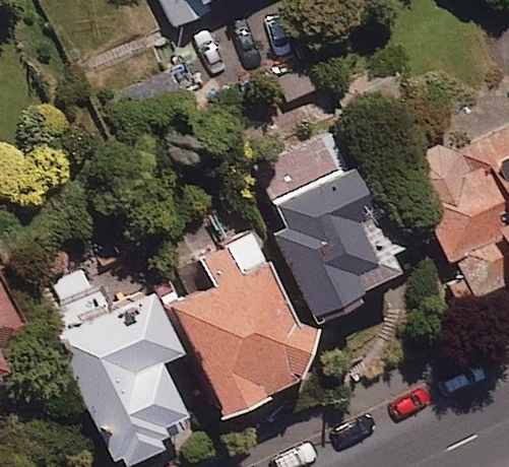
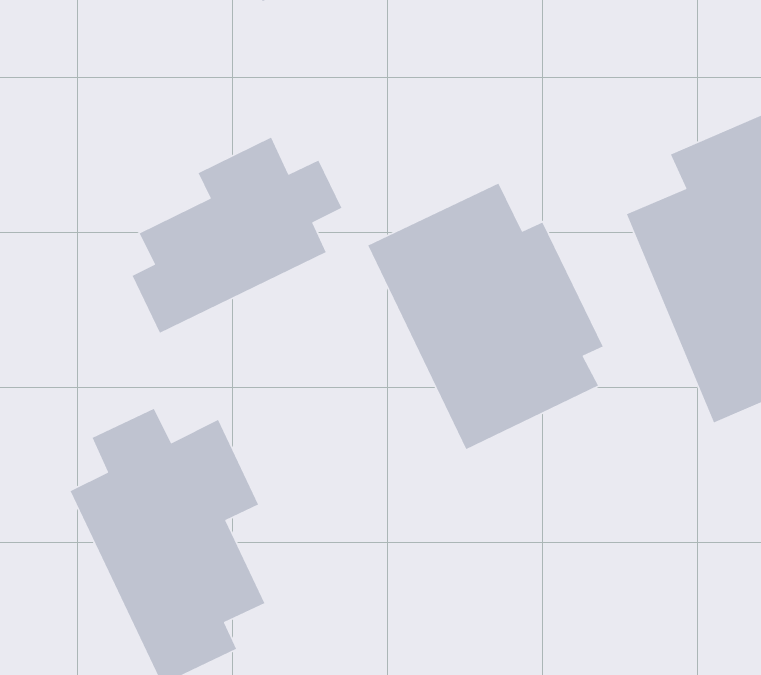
building: none -> [131,137,342,334]
building: [175,240,317,415] -> none

